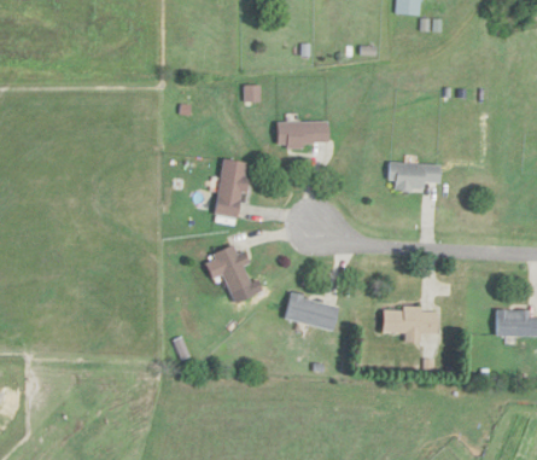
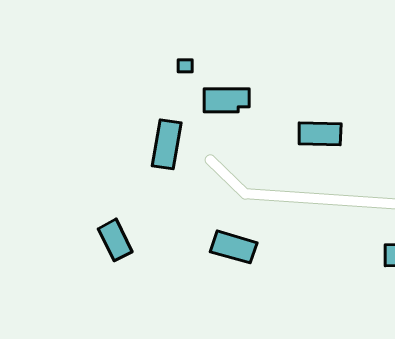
building: [212,244,253,295] -> [98,219,132,261]
building: [381,308,438,344] -> none

